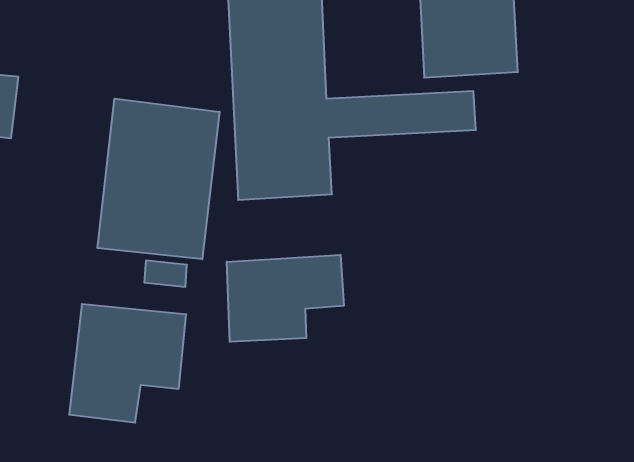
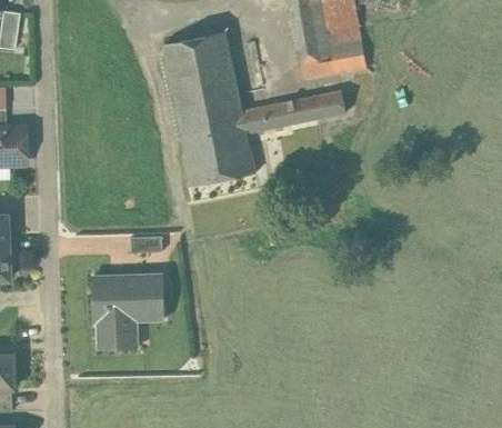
building: [97,99,220,259] -> none
building: [227,255,344,342] -> none

